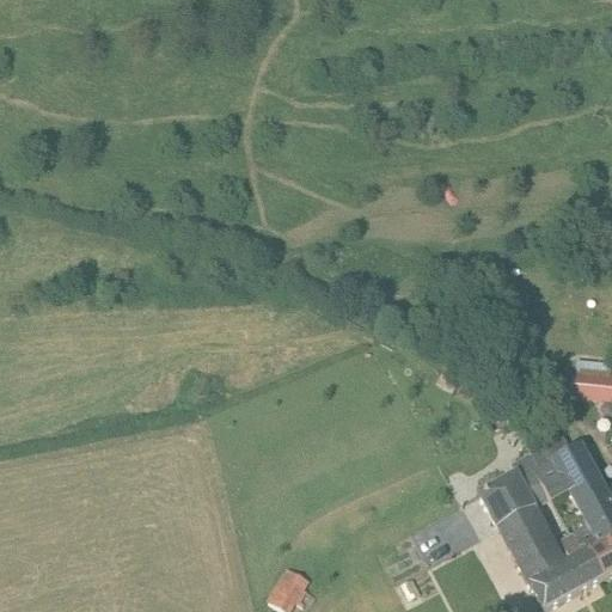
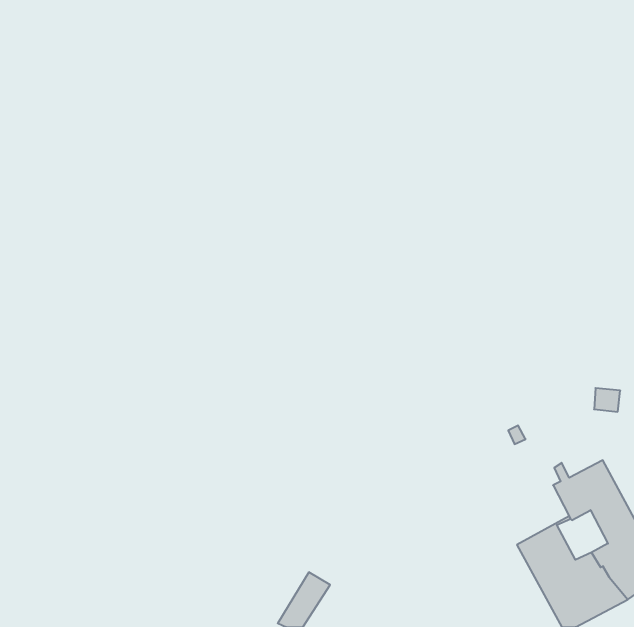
building: [481,449,549,524] -> none

